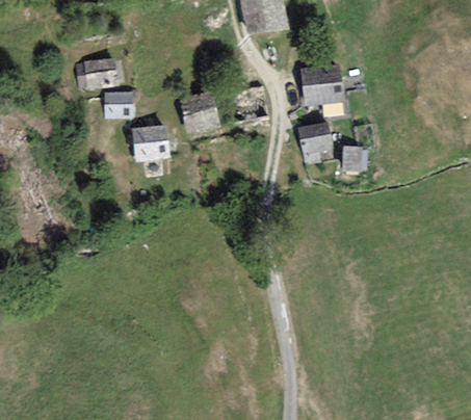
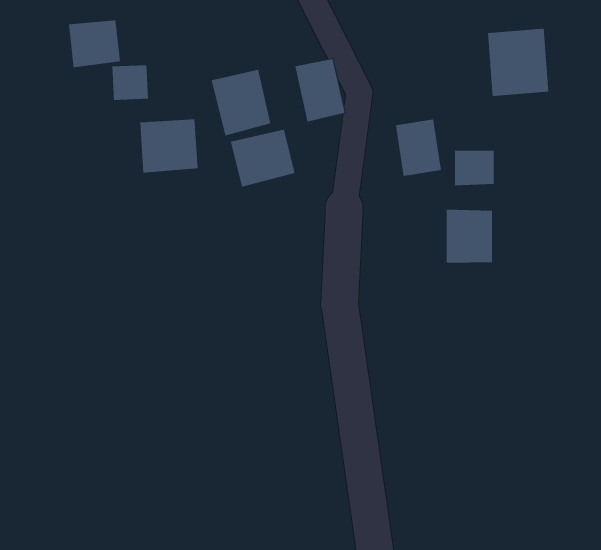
building: [300,60,342,106] -> [487,28,549,97]
building: none -> [230,129,295,187]
building: none -> [446,209,493,263]

